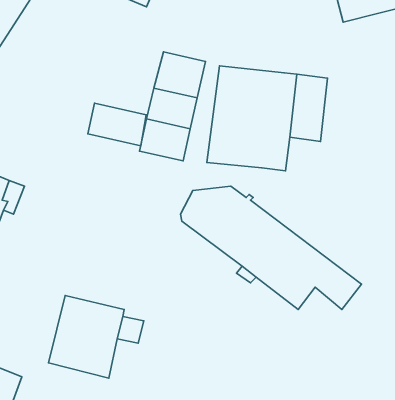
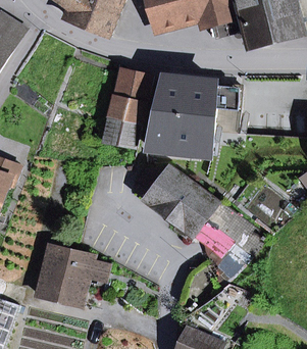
building: [88,103,146,146] -> none

